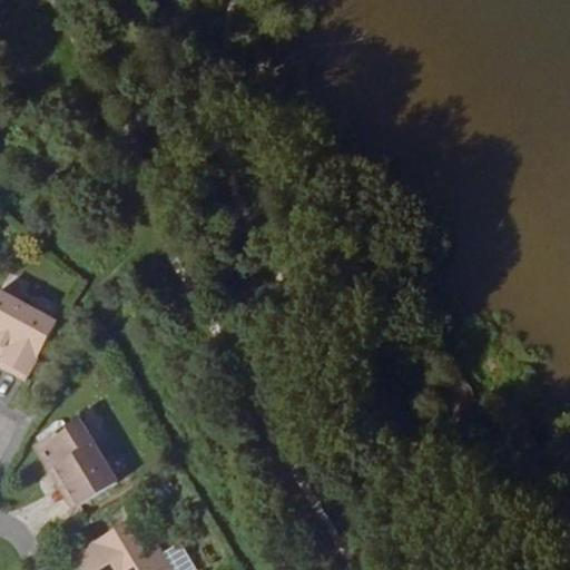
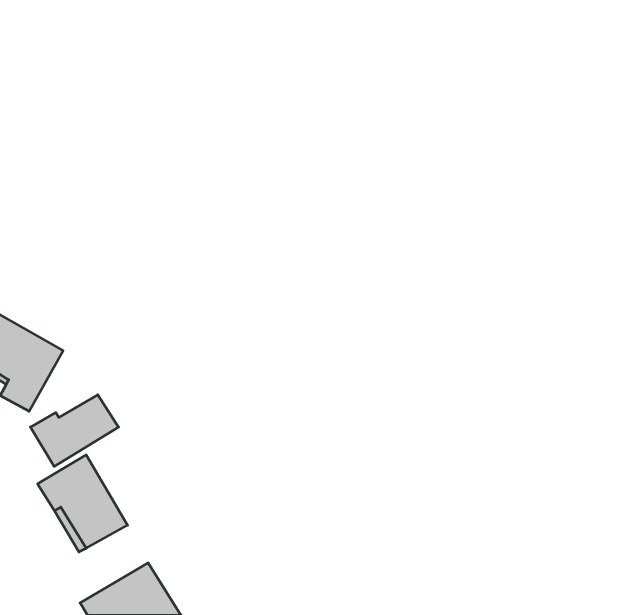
building: none -> [30,395,119,466]

